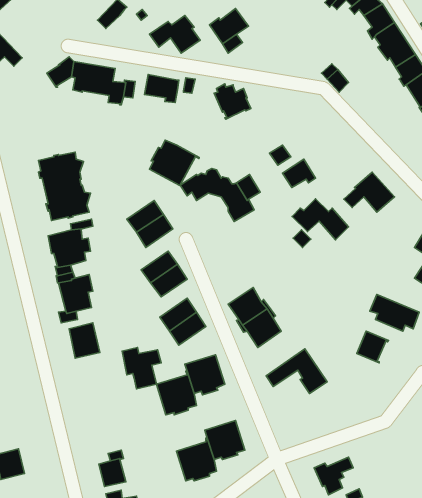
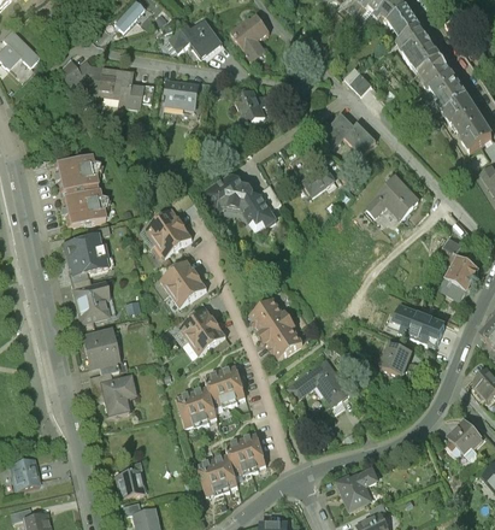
building: [149,140,199,186] -> none
building: [292,199,349,240] -> [317,113,375,155]
building: [122,348,161,389] -> [94,375,134,417]

